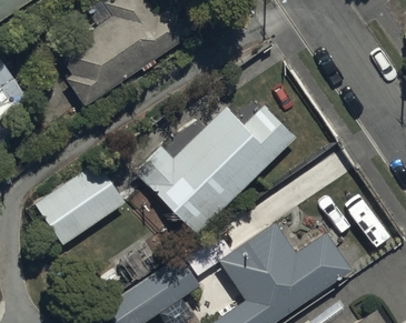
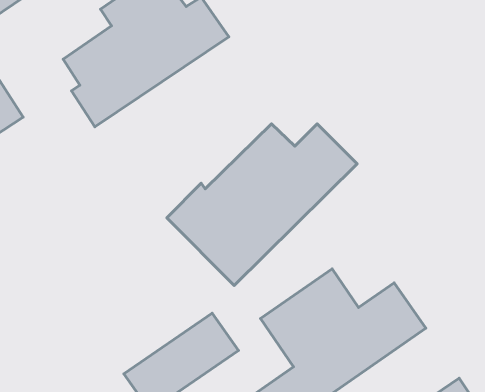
building: [33,161,126,246] -> none

